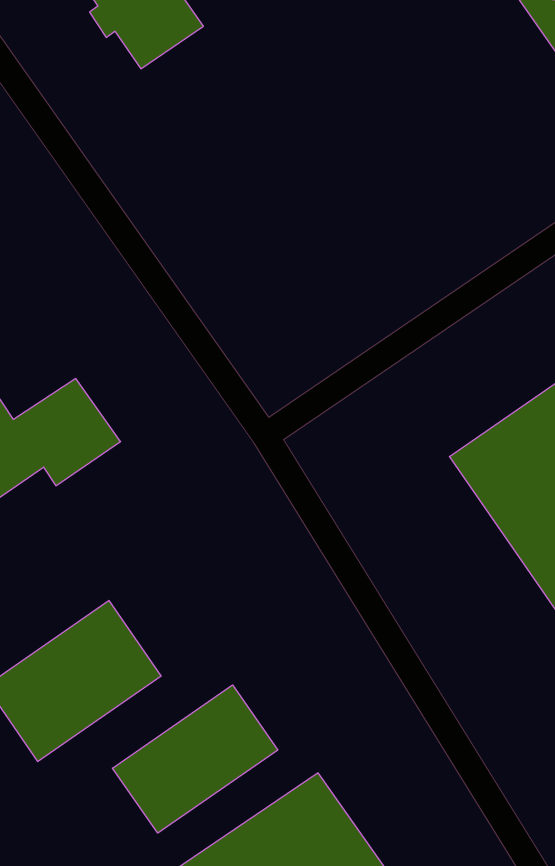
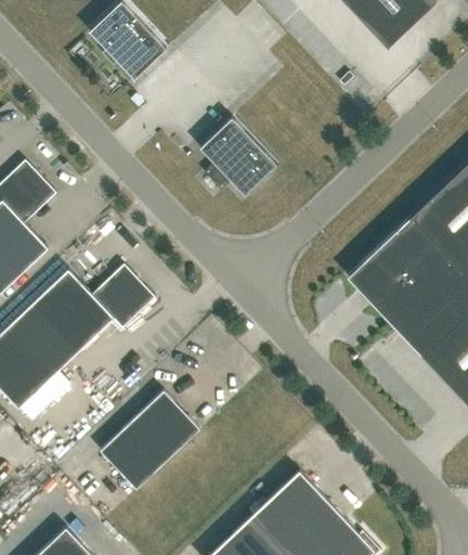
building: none -> [200,118,277,195]
building: [112,685,278,833] -> none

